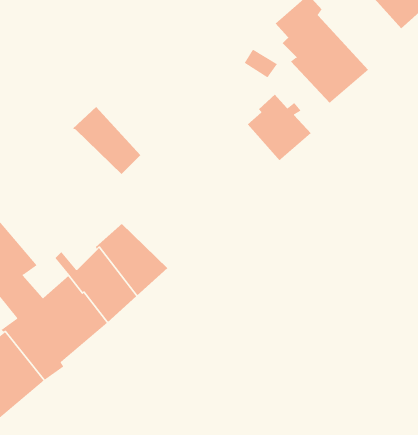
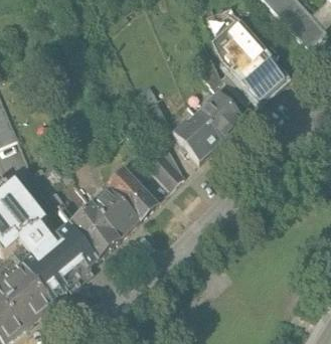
building: [72,106,141,175] -> [107,169,156,218]
building: none -> [173,116,221,164]
building: none -> [149,146,185,188]

